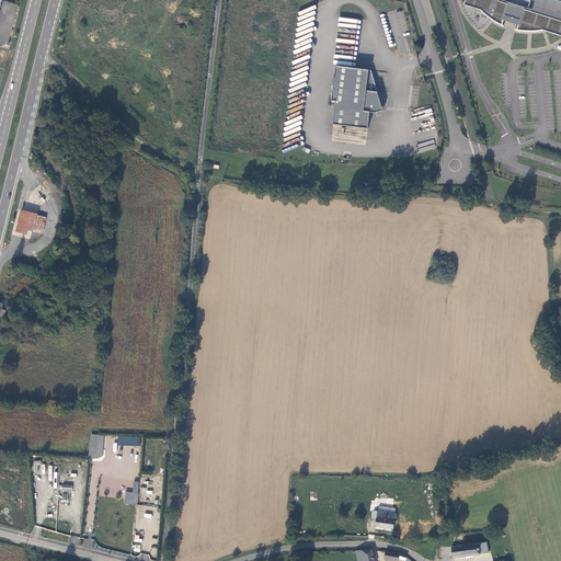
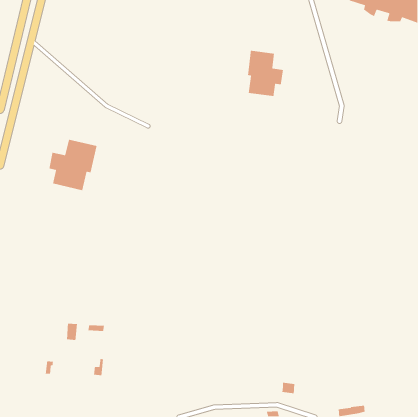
building: none -> [48,139,98,191]
building: [14,208,46,233] -> none

